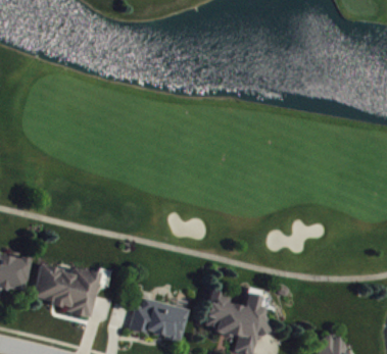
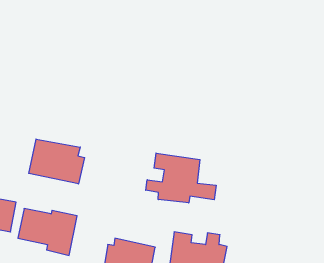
building: none -> [29,139,85,184]
building: none -> [146,153,216,203]

